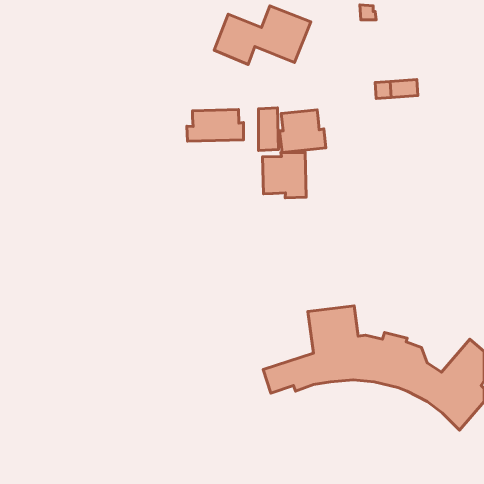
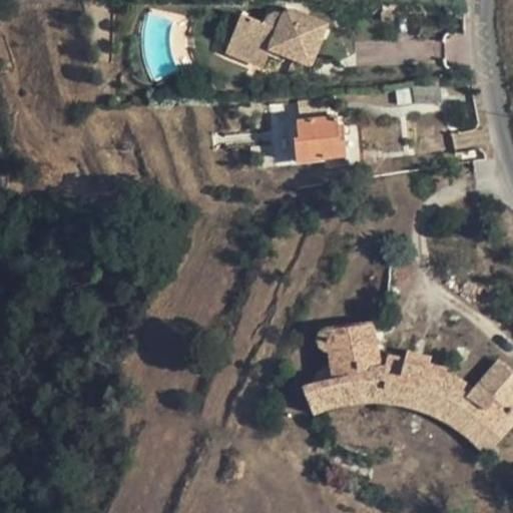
building: [187,110,244,141] -> none
building: [263,152,306,198] -> none

